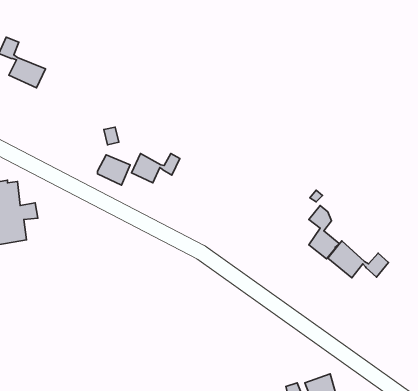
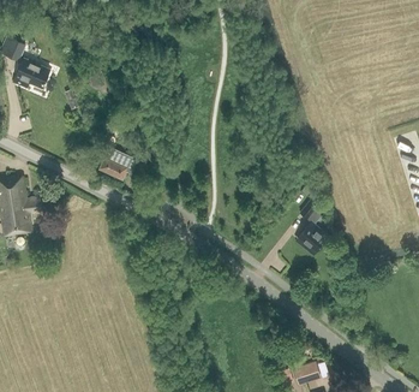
building: [132,153,180,183] -> none
building: [328,241,388,278] -> none

